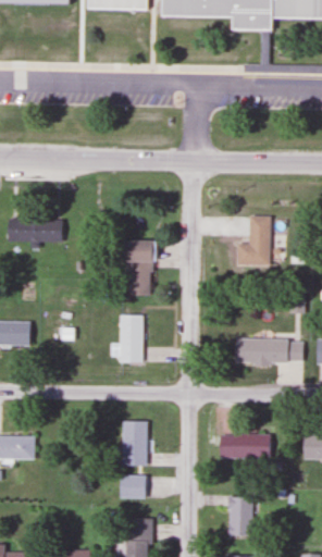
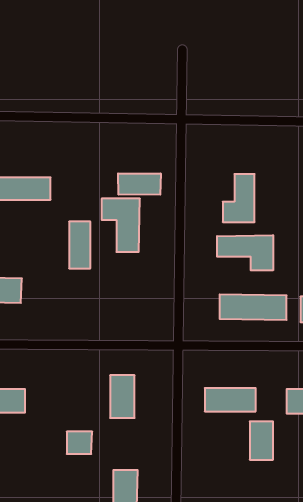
building: none -> [118,173,161,195]
building: none -> [217,235,273,270]
building: [120,314,141,362] -> [69,222,90,268]
building: [119,475,145,498] -> [67,432,92,454]
building: [228,496,252,535] -> [250,421,273,460]

